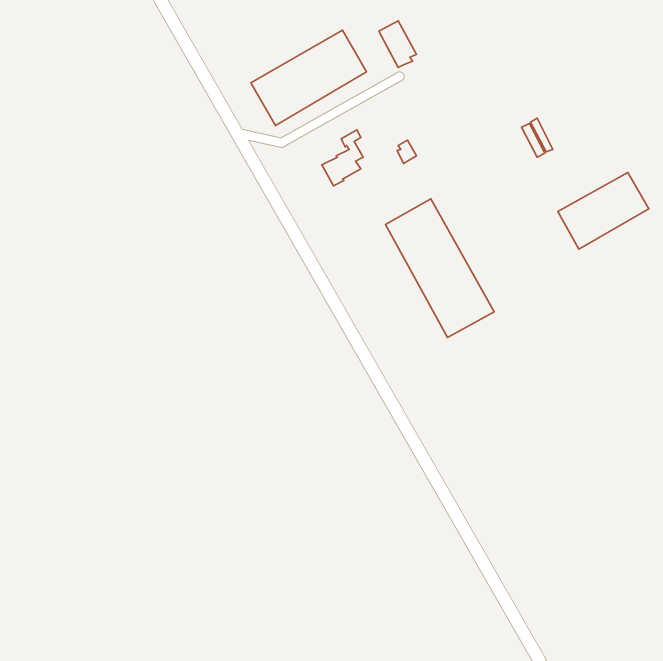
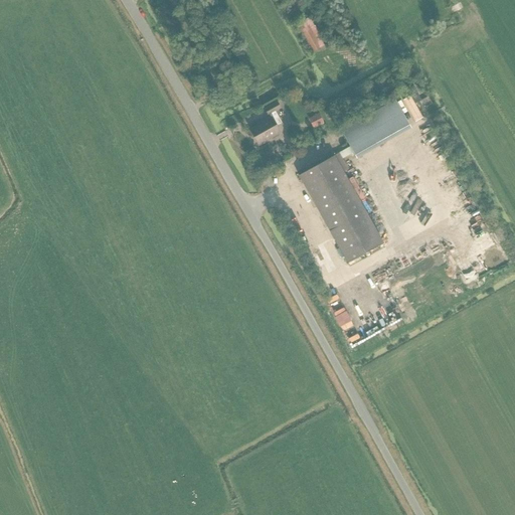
building: [251,30,366,125] -> none
building: [558,173,649,249] -> [340,98,410,157]

